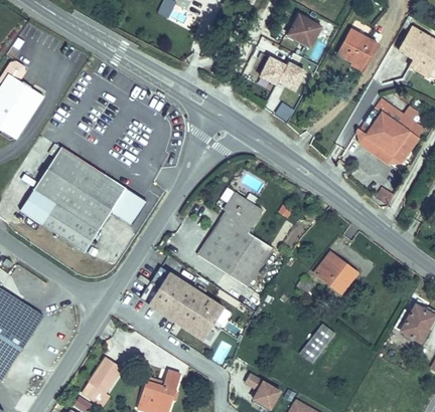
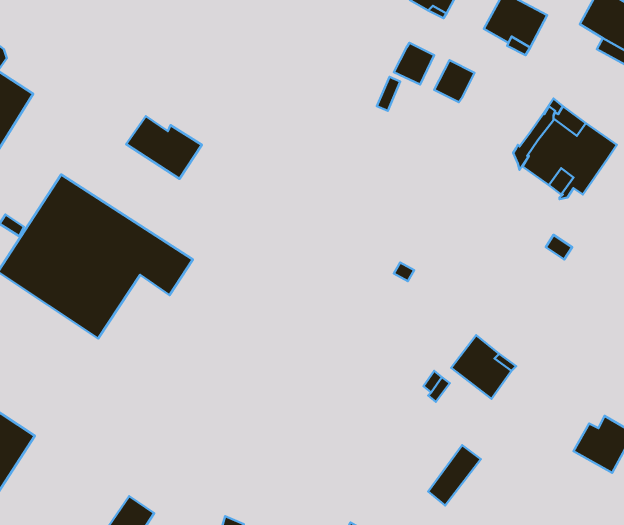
building: [260,57,286,84] -> [434,60,474,102]
building: none -> [126,116,202,179]
building: [197,194,272,286] -> none
building: [148,272,224,340] -> none

